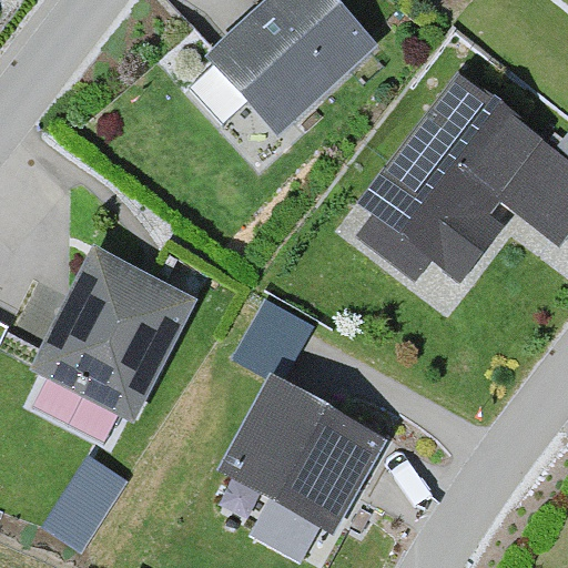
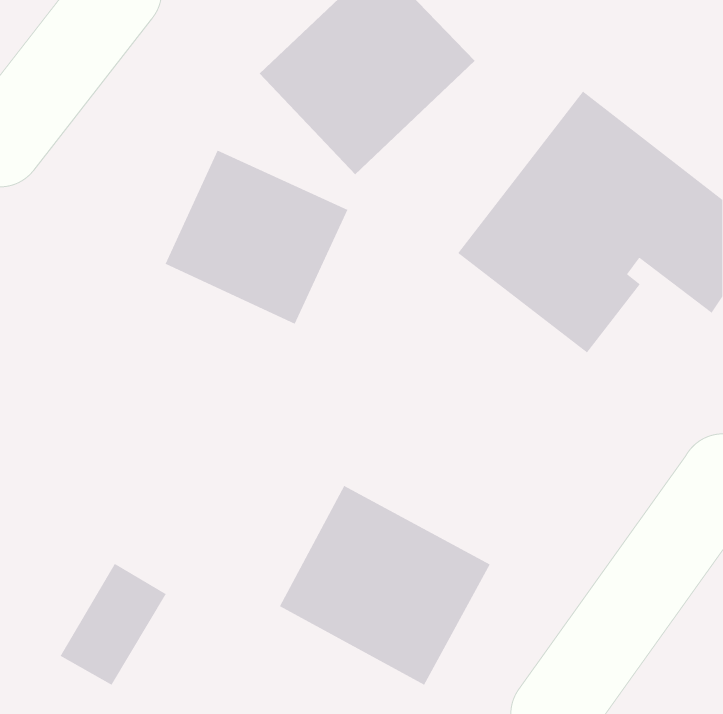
building: none -> [165,149,349,325]
building: [30,247,196,420] -> none

